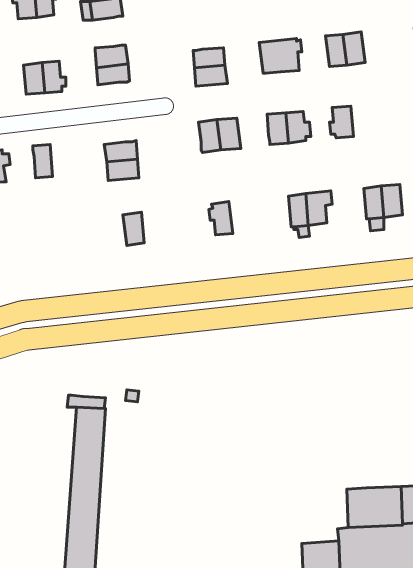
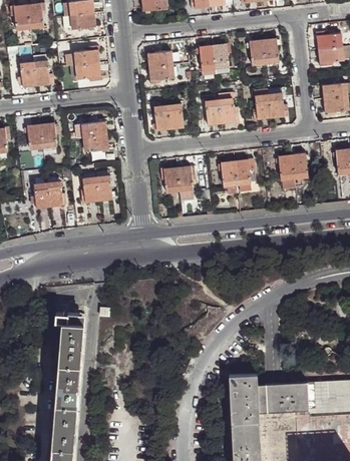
building: none -> [267,88,287,118]
building: none -> [40,122,58,148]
building: none -> [176,166,194,191]
building: none -> [79,177,98,201]
building: none -> [30,180,65,206]
building: none -> [228,376,266,426]

